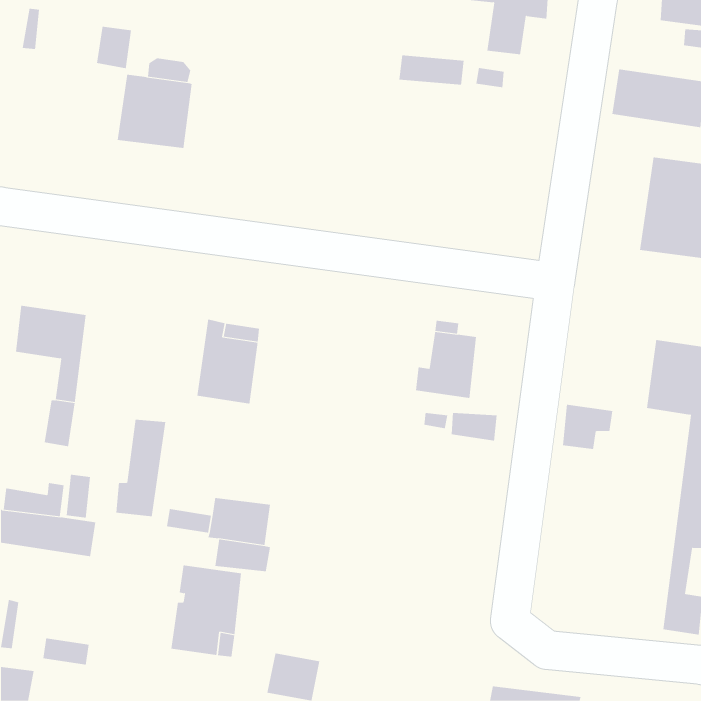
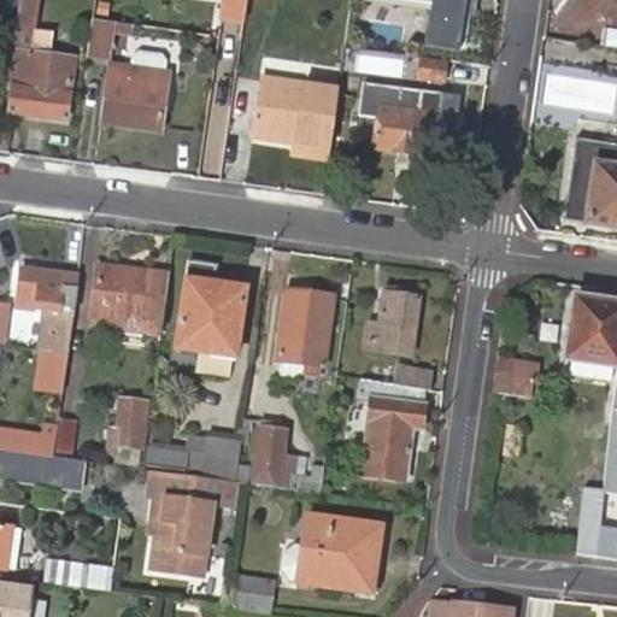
building: none -> [11,49,76,121]
building: none -> [358,78,440,152]
building: none -> [251,81,336,158]
building: none -> [92,265,152,322]
building: none -> [275,292,333,369]
building: none -> [363,383,425,476]
building: none -> [251,417,322,492]
building: none -> [299,516,381,592]

